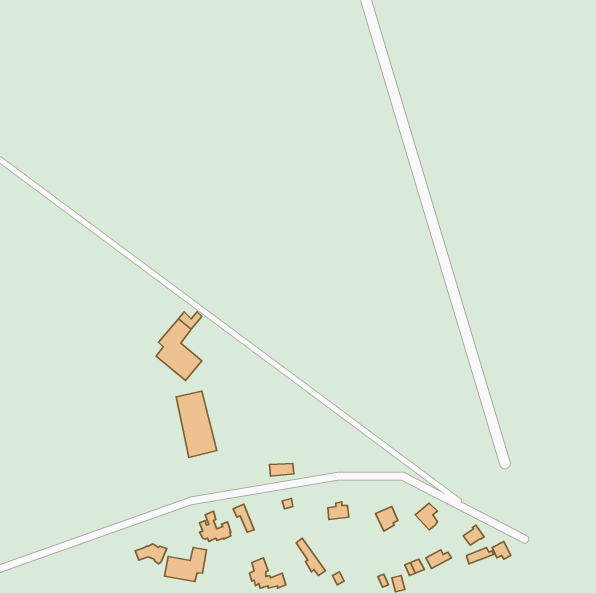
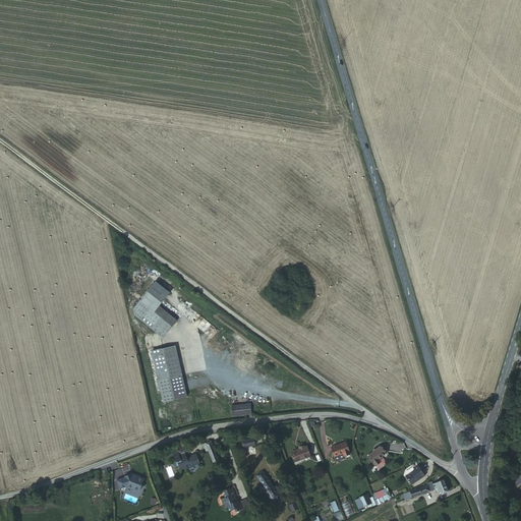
building: [165,547,206,582] -> none

